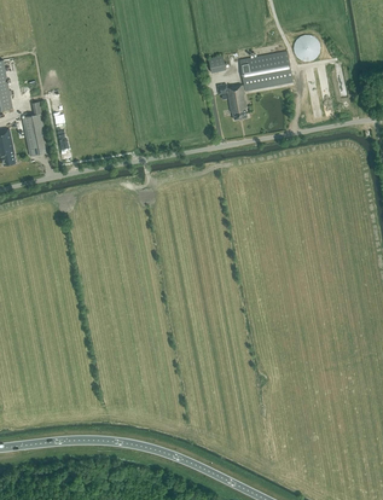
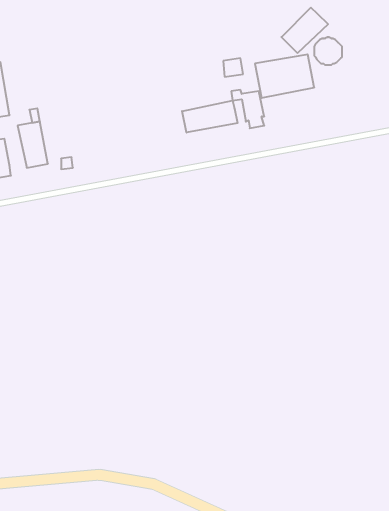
building: none -> [281,8,328,53]
building: none -> [182,101,238,133]

